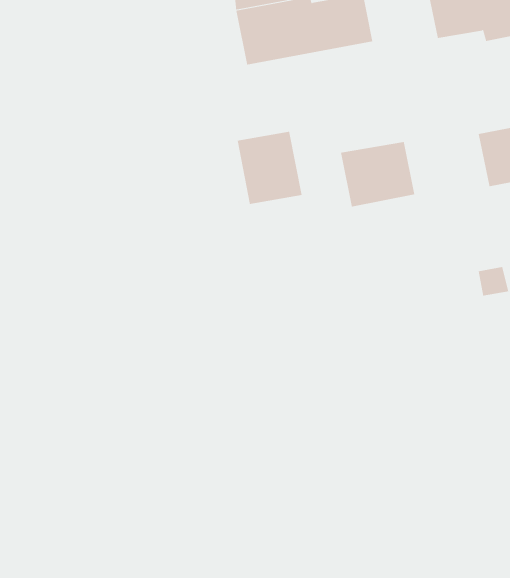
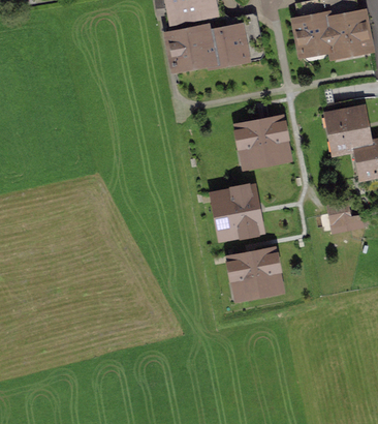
building: [237,131,302,205] -> [217,190,260,239]
building: none -> [232,254,281,298]

